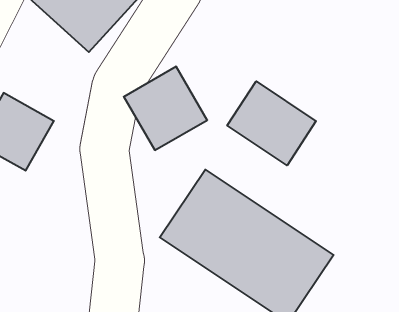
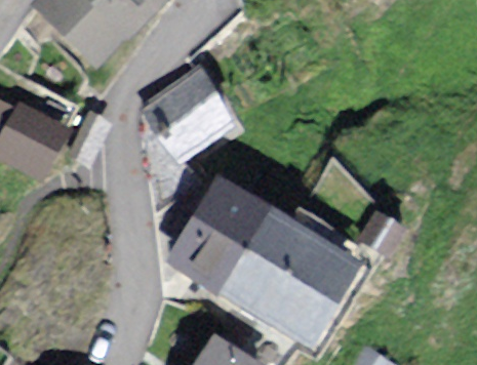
building: [227,81,316,165] -> none

